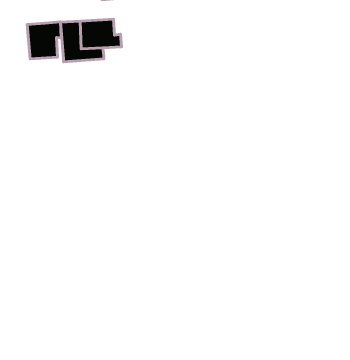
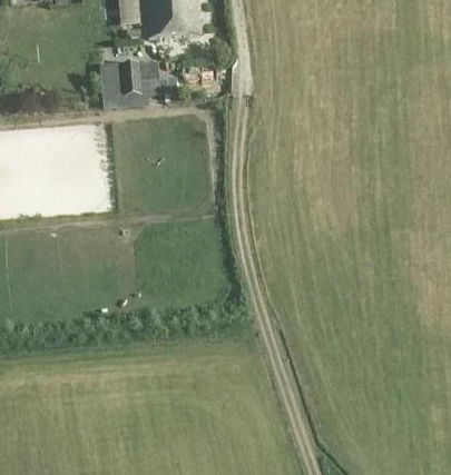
building: [27,22,61,59] -> none

